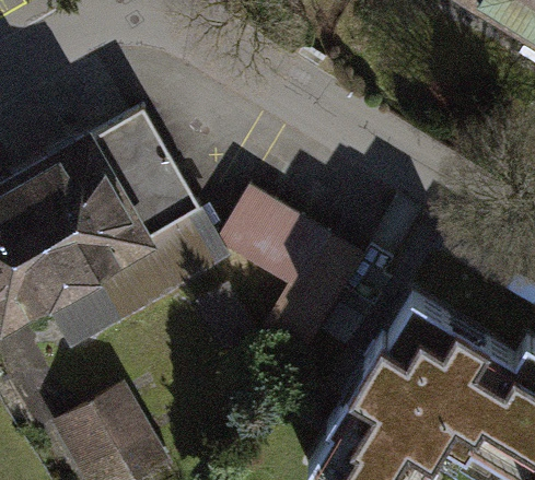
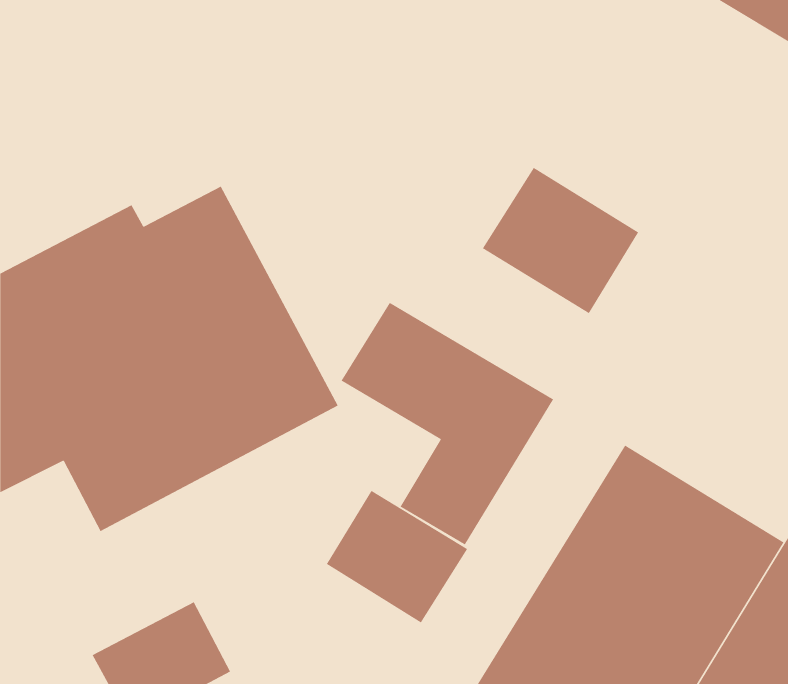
building: none -> [482,167,639,314]
building: none -> [326,490,468,623]

